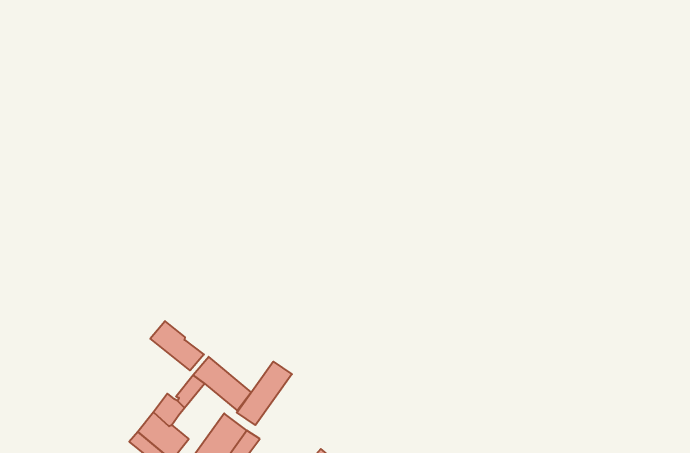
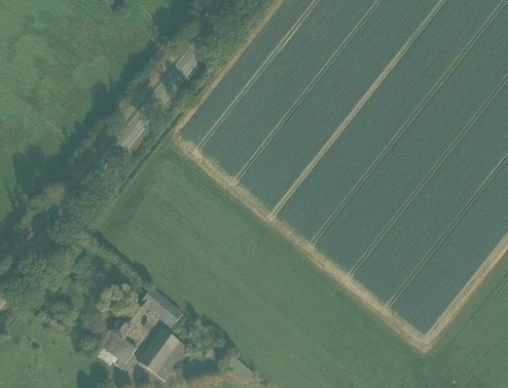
building: [150,321,204,370] -> none
building: [237,362,292,425] -> none

